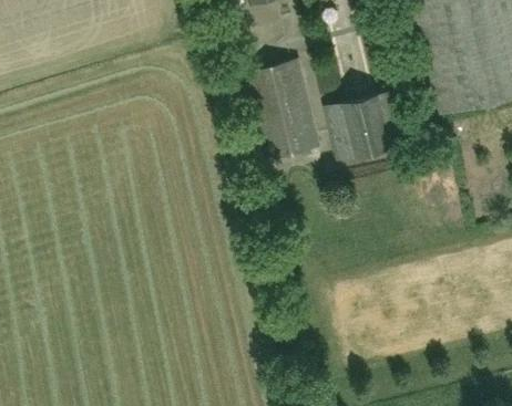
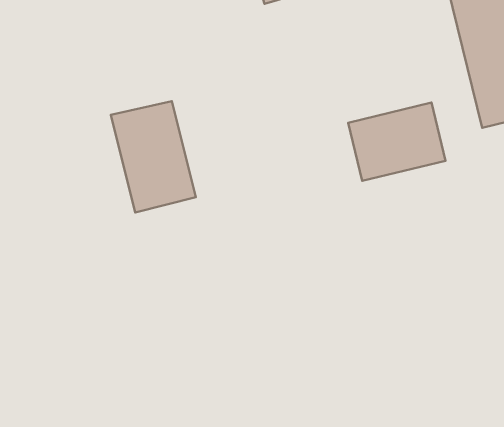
building: [245,61,319,158] -> [111,101,196,212]

